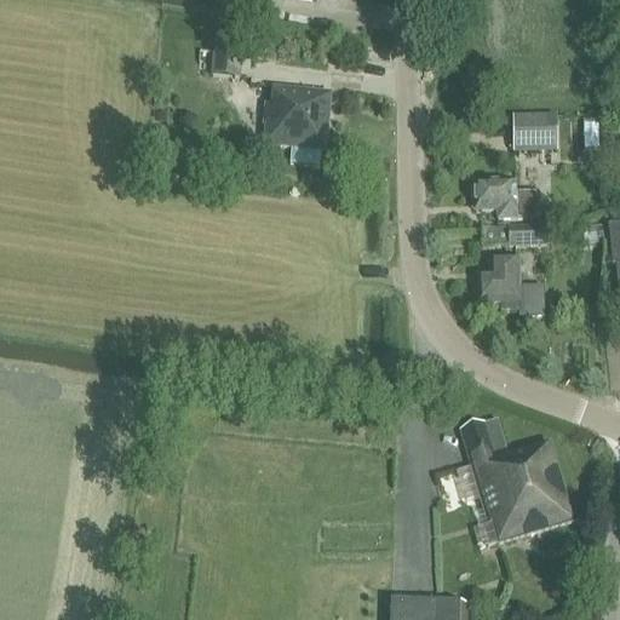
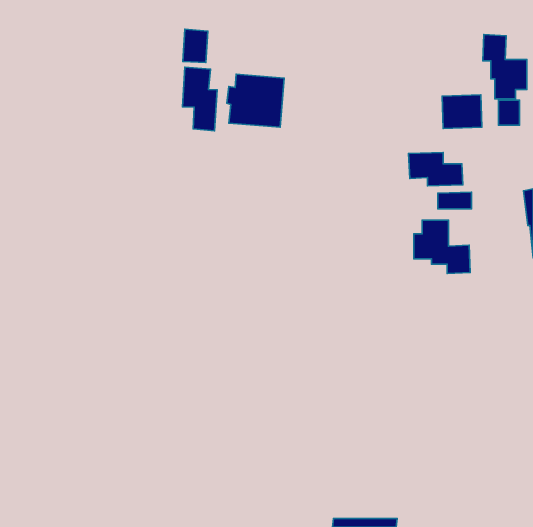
building: none -> [483,35,527,99]
building: none -> [182,67,217,131]
building: [460,415,570,539] -> none

